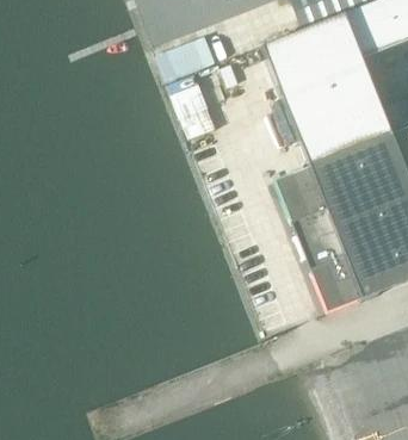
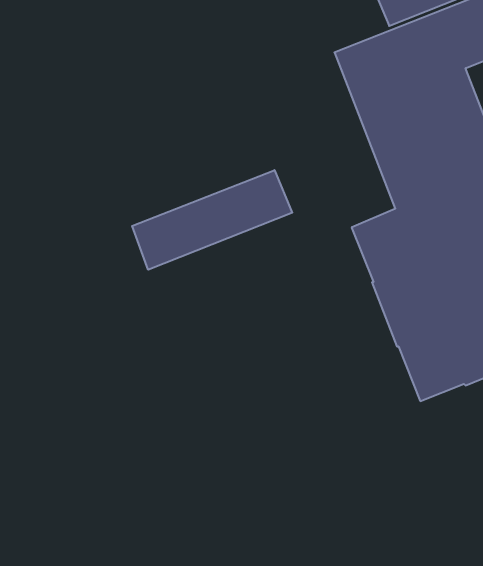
building: none -> [132,170,292,270]

